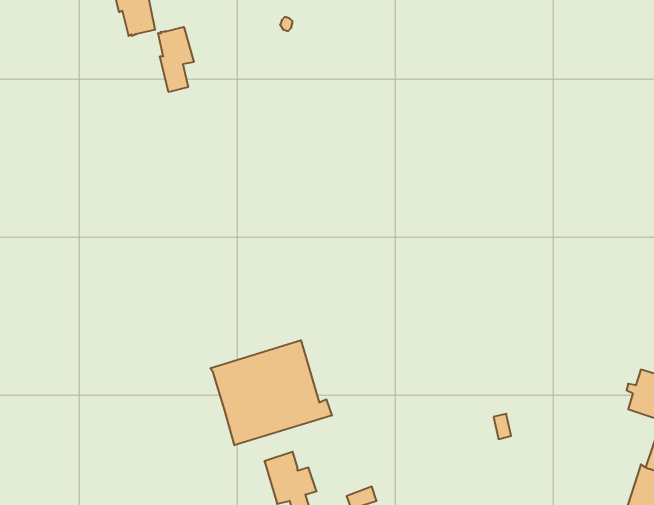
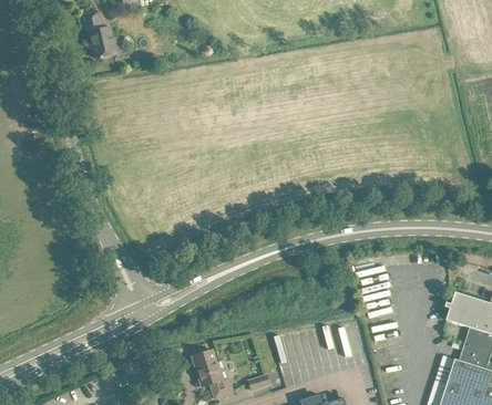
building: [158,27,194,92] -> none
building: [210,340,332,445] -> none

